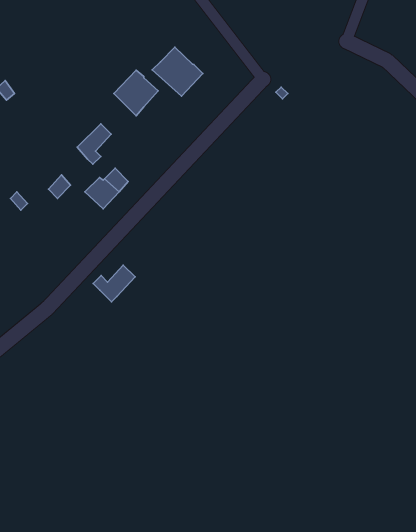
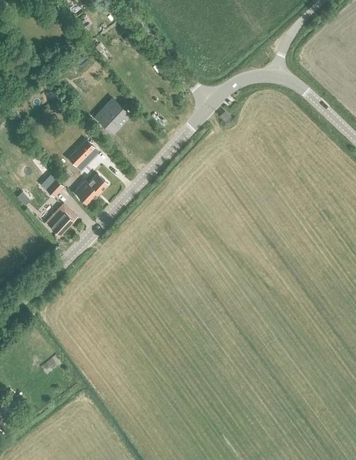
building: [152,47,203,96] -> none
building: [93,265,135,302] -> [44,207,76,235]

